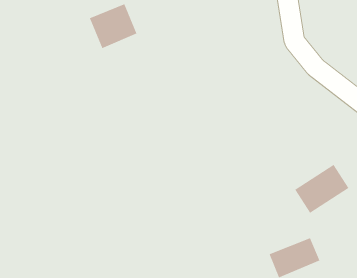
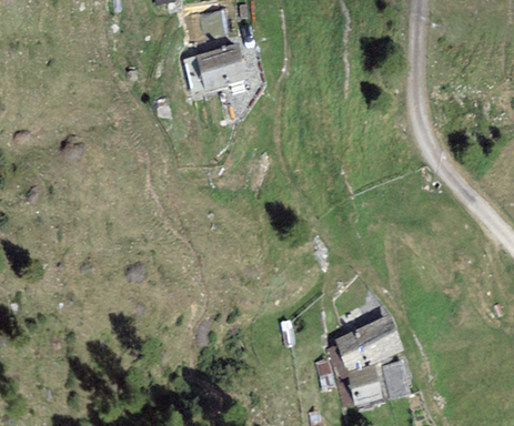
building: [294,164,349,214] -> [336,315,402,369]

